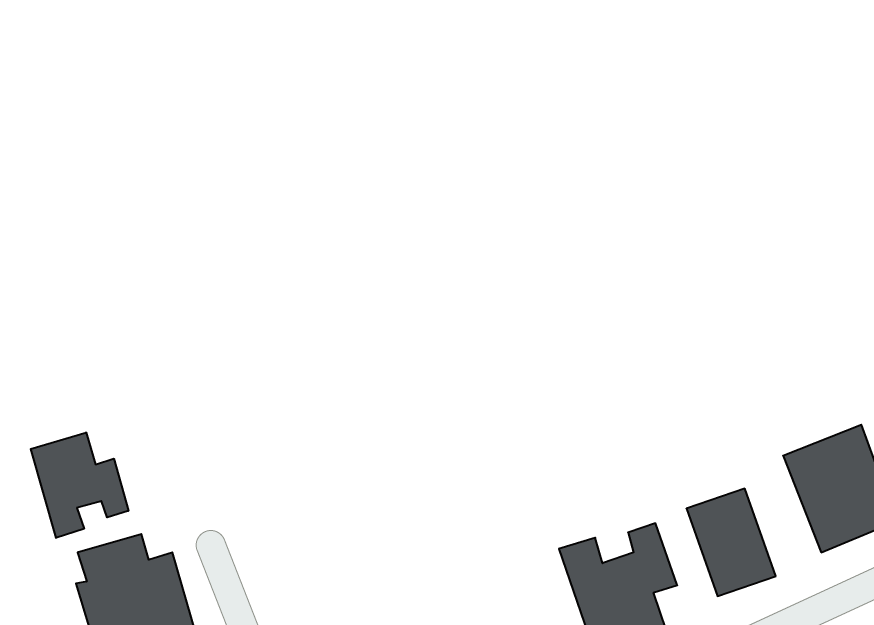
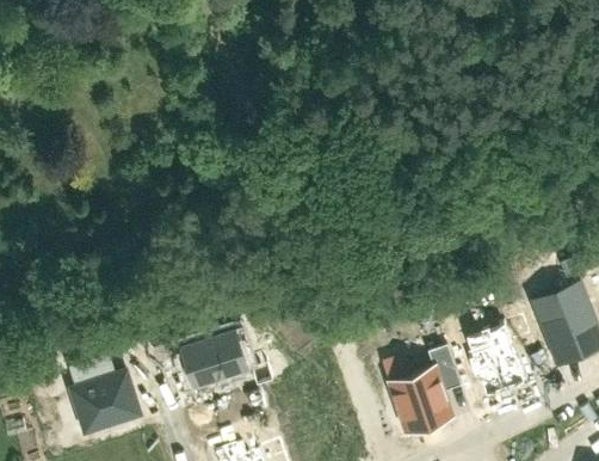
building: [31,432,128,538] -> none
building: none -> [180,328,249,389]

